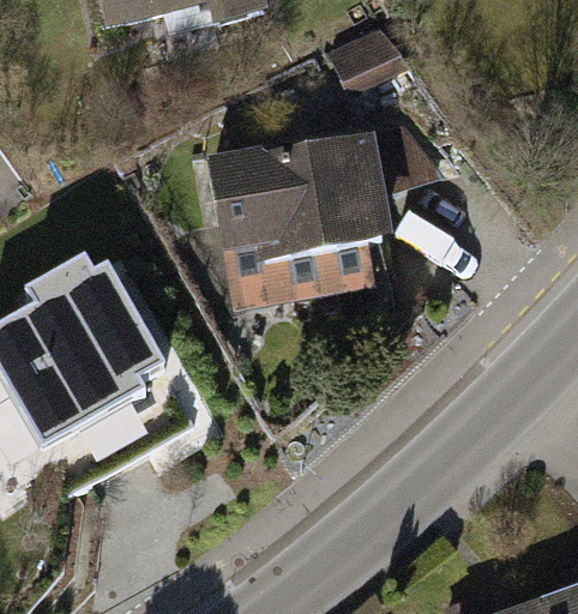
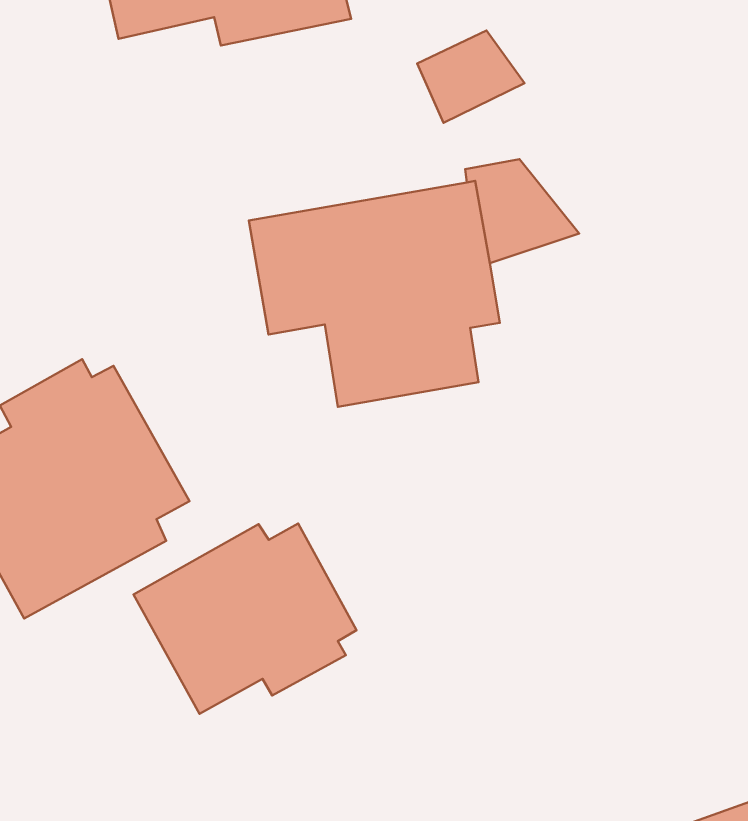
building: none -> [133,523,357,714]

